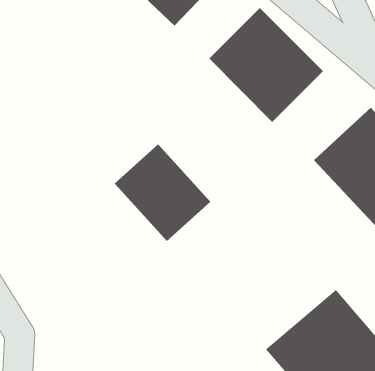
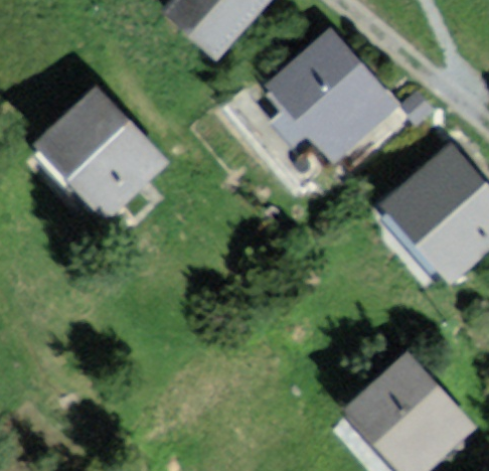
building: none -> [35,87,172,224]
building: [114,143,211,242] -> none

